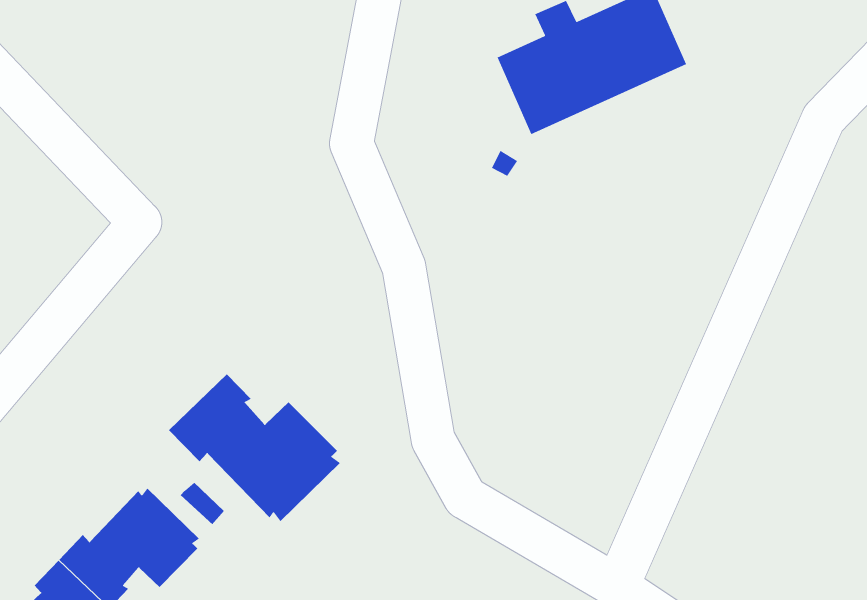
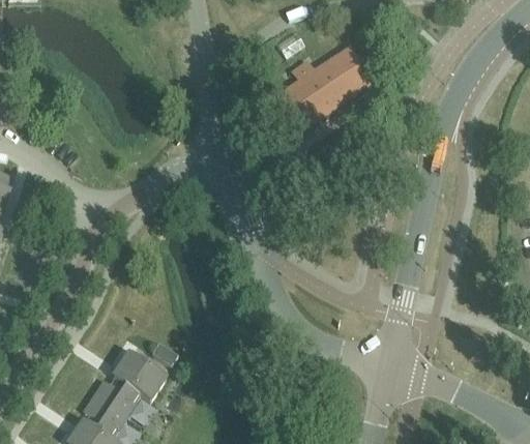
building: [168,373,341,522] -> none

